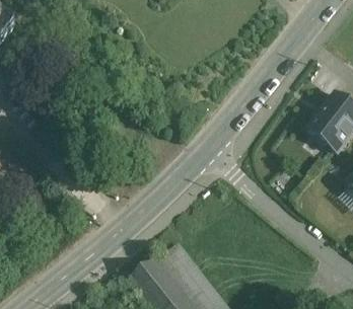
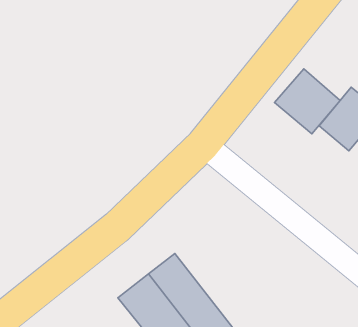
building: none -> [275,69,340,134]

